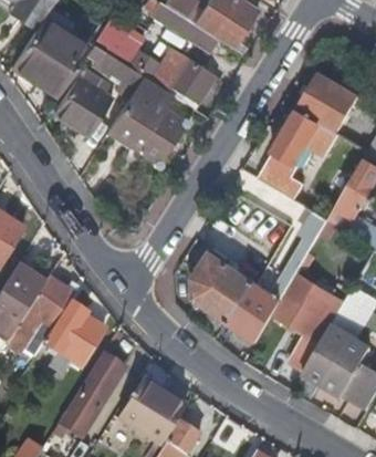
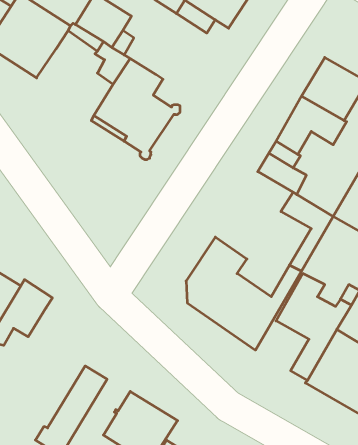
building: [165,46,217,110] -> none
building: [53,67,109,133] -> none
building: [40,303,102,374] -> none

